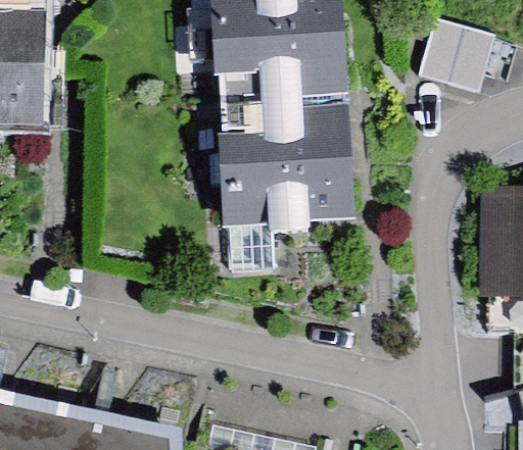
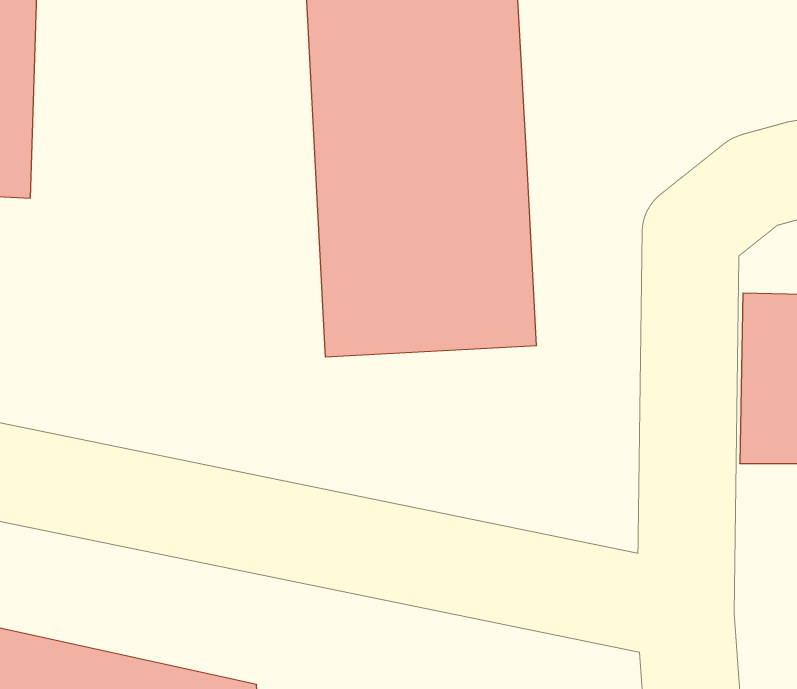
building: [419,18,493,89] -> none

